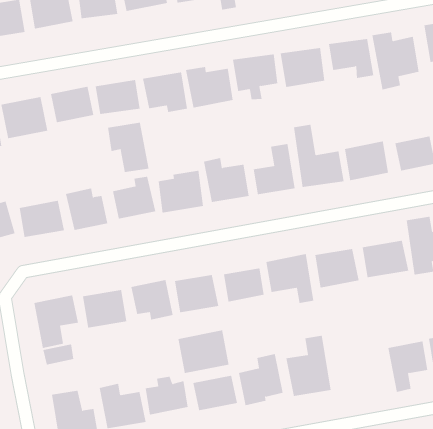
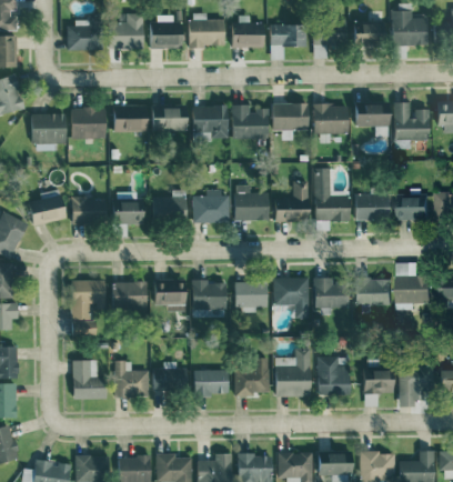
building: [108,122,149,173] -> none
building: [178,330,229,374] -> none
building: none -> [316,357,350,395]

